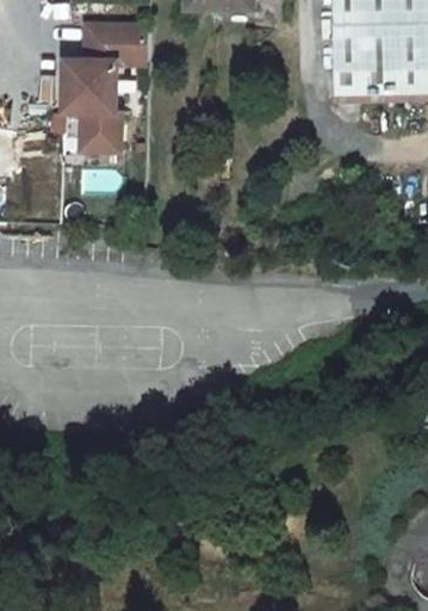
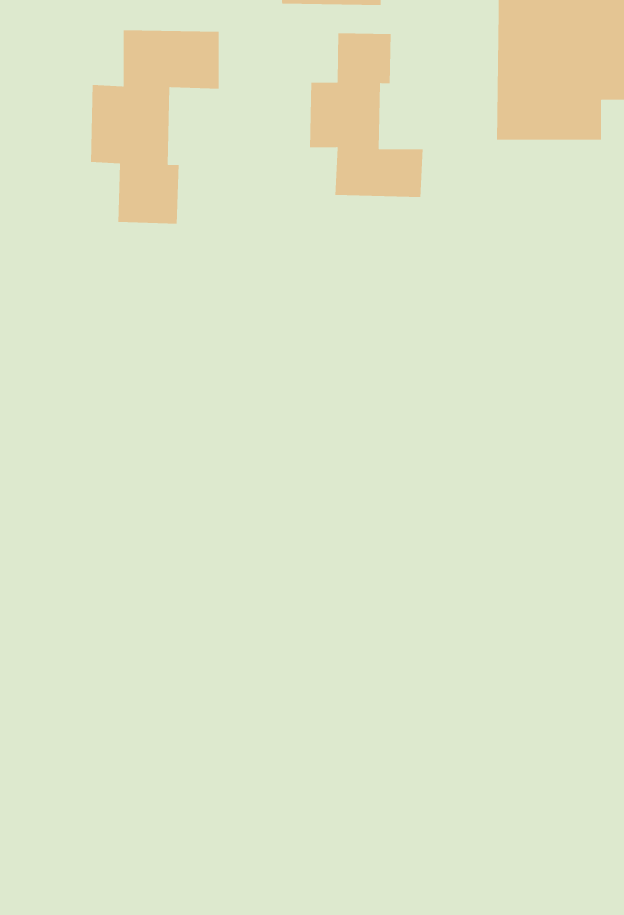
building: none -> [309,32,423,198]

